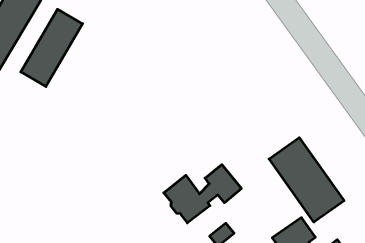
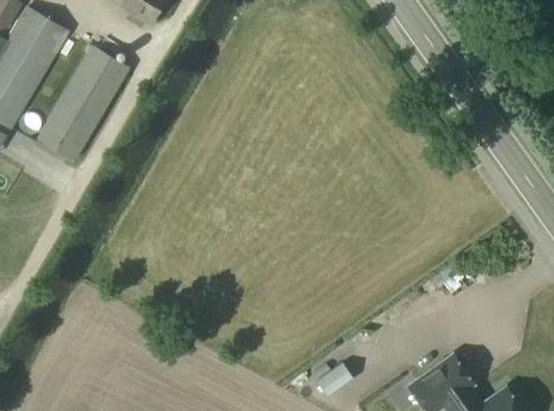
building: [269,138,344,222] -> none
building: [164,165,241,223] -> none

